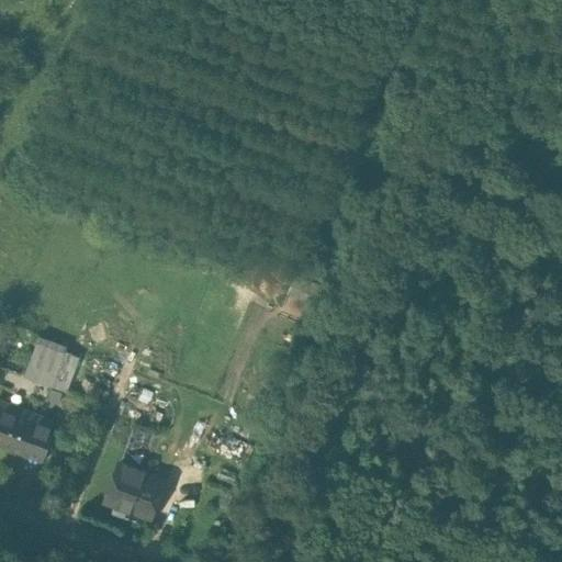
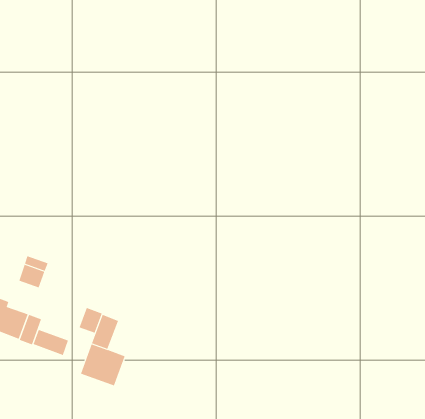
building: none -> [79,307,102,334]
building: none -> [33,329,69,356]

